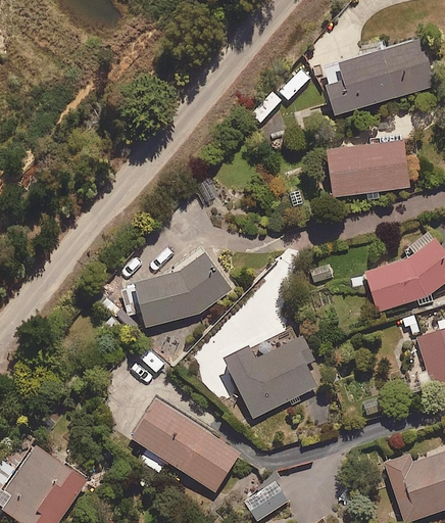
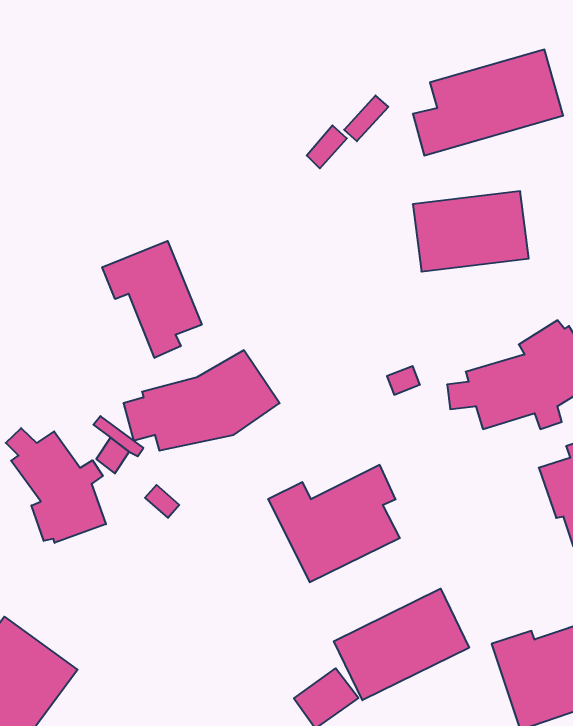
building: none -> [102,241,202,358]
building: none -> [6,428,106,543]
building: [131,398,239,492] -> none
building: none -> [334,589,469,700]

